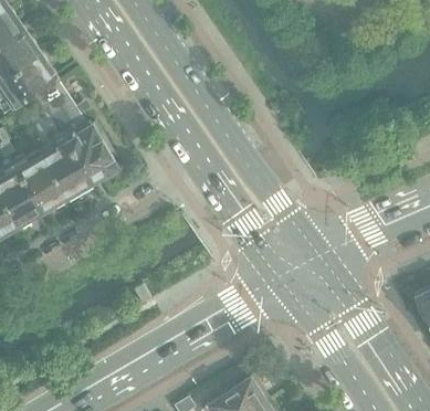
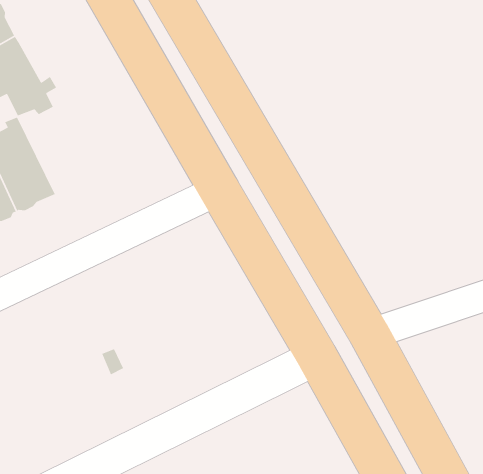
building: [62,122,117,183] -> none

